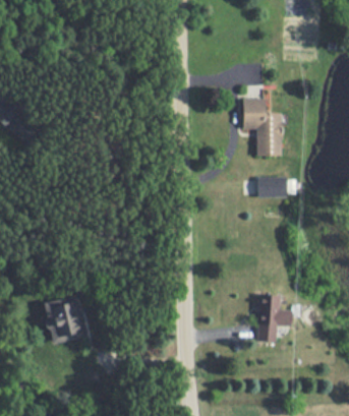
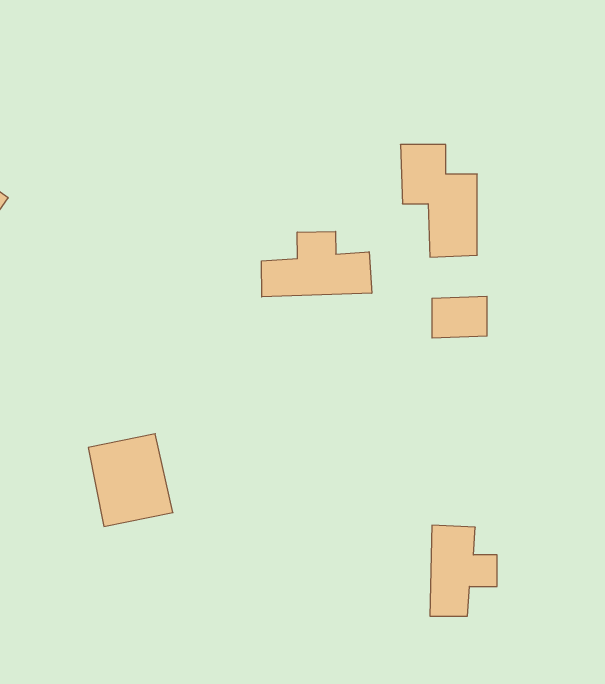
building: none -> [262,231,372,297]
building: [44,296,88,344] -> [88,434,173,526]

